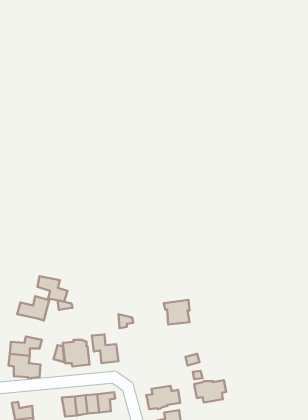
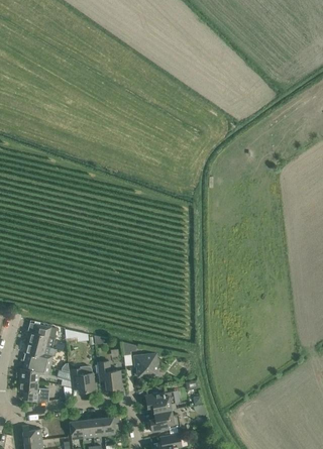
building: [38,276,67,302] -> [24,342,52,366]
building: [164,300,190,324] -> [133,353,157,376]
building: [194,380,226,402] -> [144,391,175,413]

